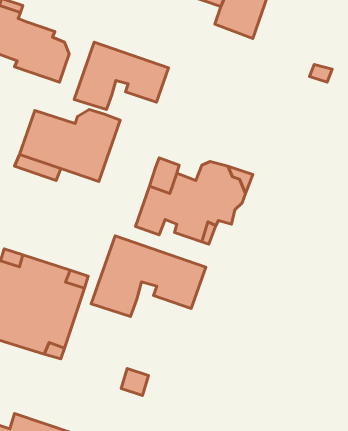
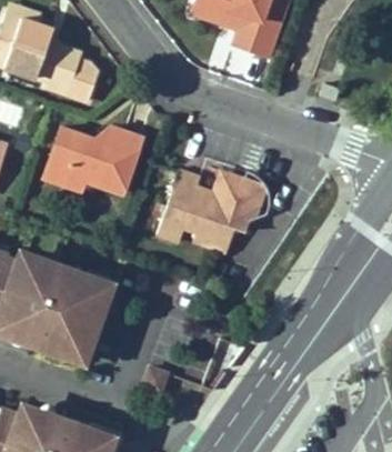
building: [74,42,169,110] -> none
building: [91,236,206,317] -> none

